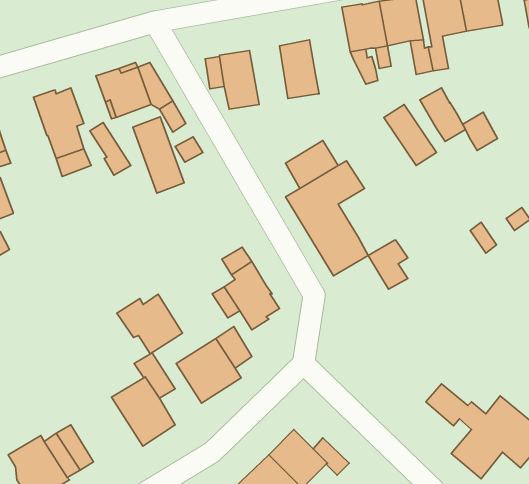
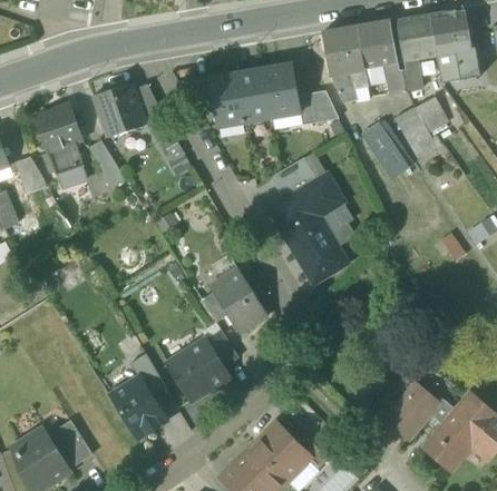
building: none -> [438,47,480,82]
building: none -> [236,68,272,122]
building: none -> [298,90,339,125]
building: [463,112,498,151] -> [416,96,448,131]
building: [133,117,184,193] -> none
building: none -> [16,156,47,193]
building: [368,240,408,289] -> [319,200,355,246]
building: [117,294,182,354] -> none
building: none -> [383,399,426,440]

